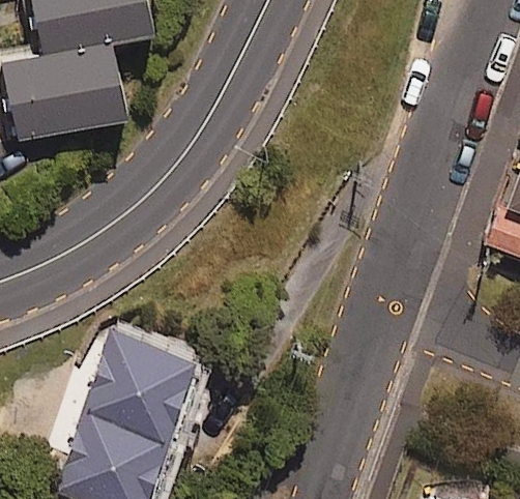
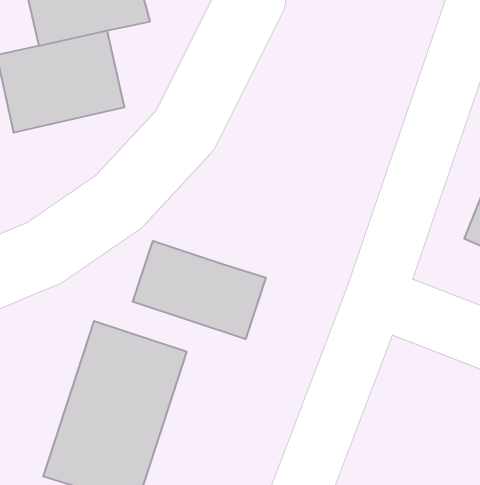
building: none -> [133,241,266,339]

